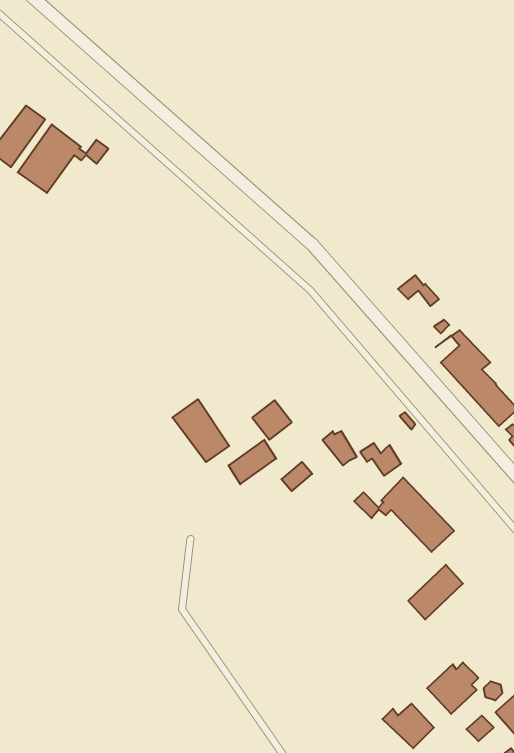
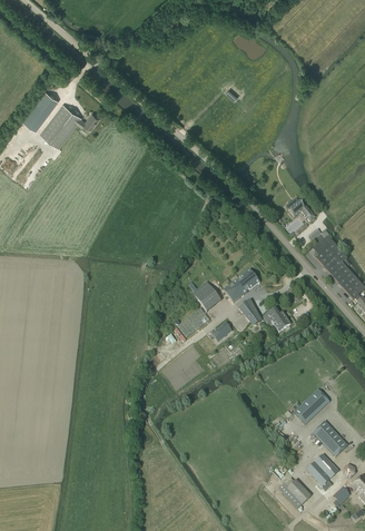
building: none -> [223,269,259,304]
building: [172,399,229,462] -> none
building: [354,477,454,552] -> none
building: none -> [313,422,347,458]

